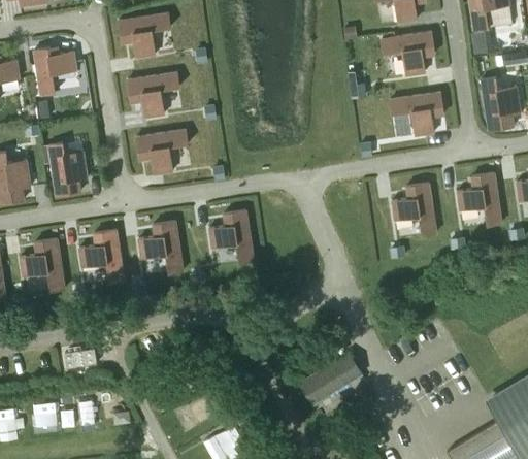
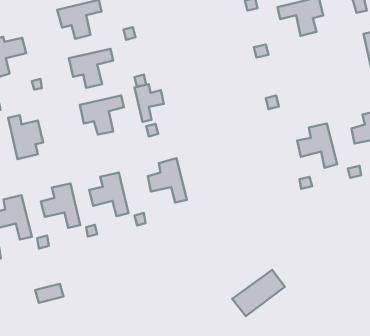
building: [390,92,443,135] -> none
building: none -> [135,84,164,122]

